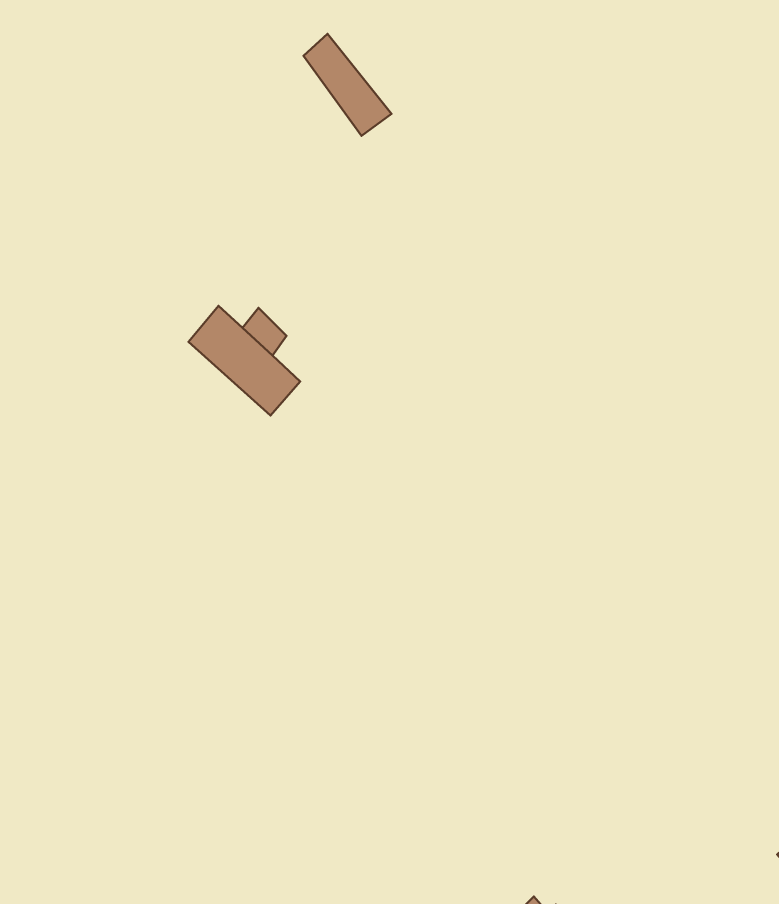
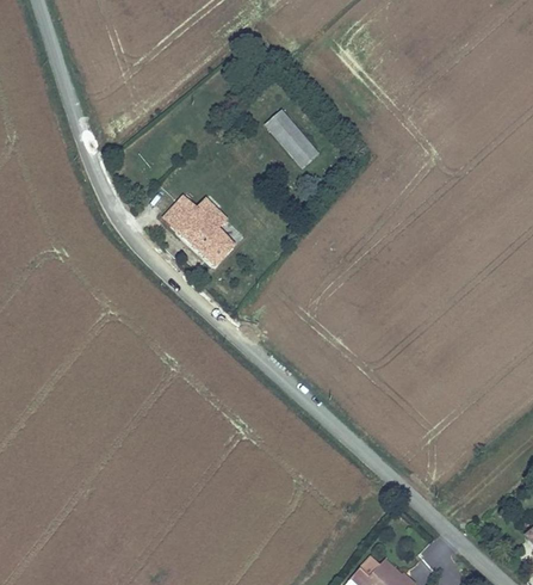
building: [304,34,391,136] -> [271,111,323,172]

